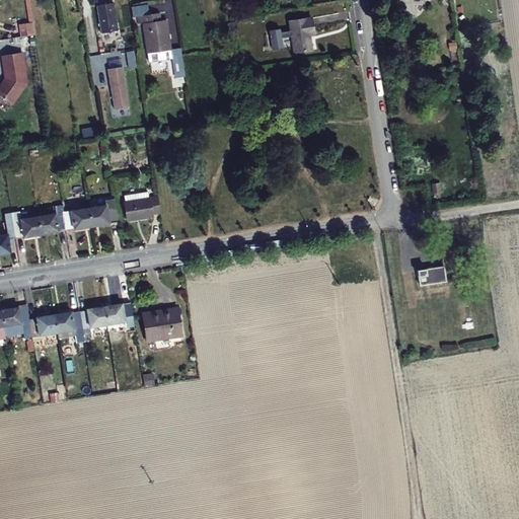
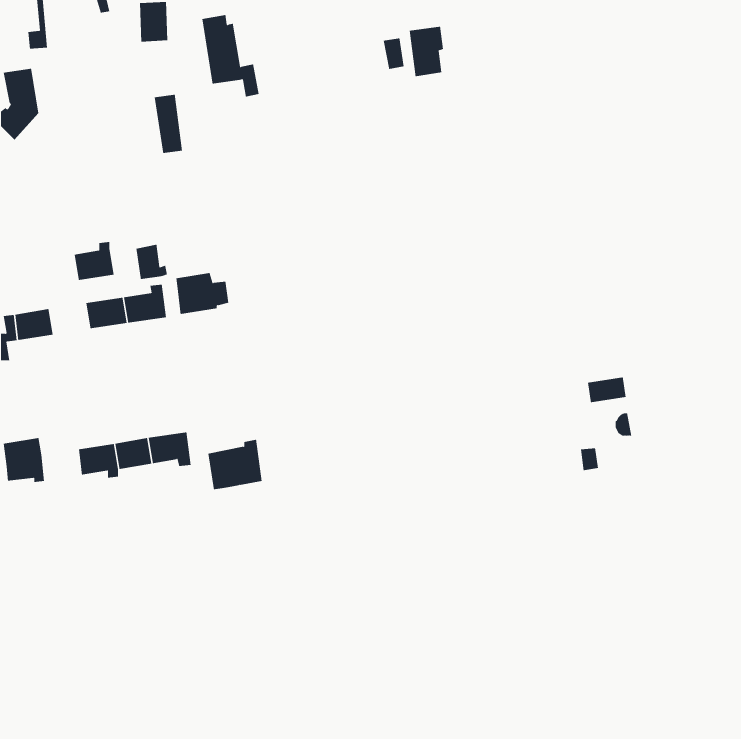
building: none -> [136,244,167,280]
building: [34,207,63,234] -> [74,241,114,280]
building: [29,314,57,337] -> none

